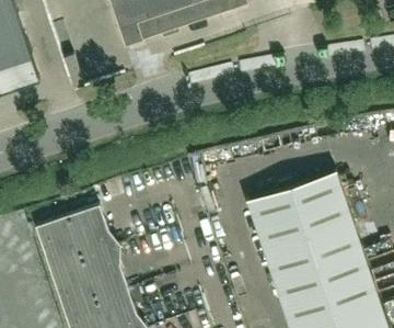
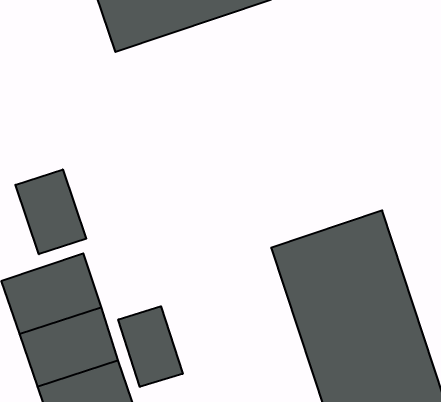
building: none -> [15,169,86,254]
building: none -> [118,306,183,387]

